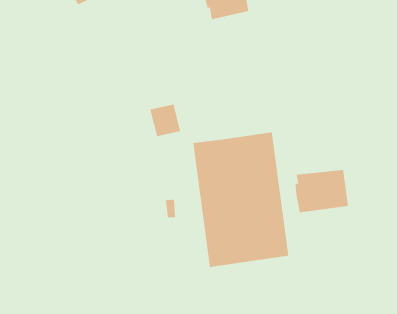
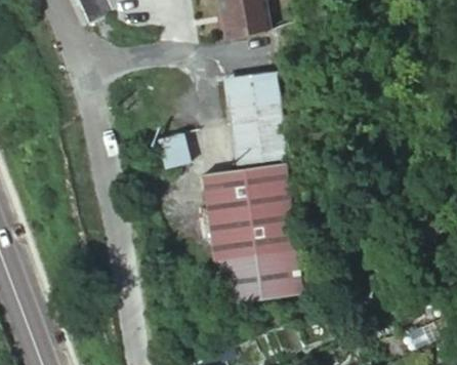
building: none -> [226,68,292,167]
building: [295,169,349,213] -> none

